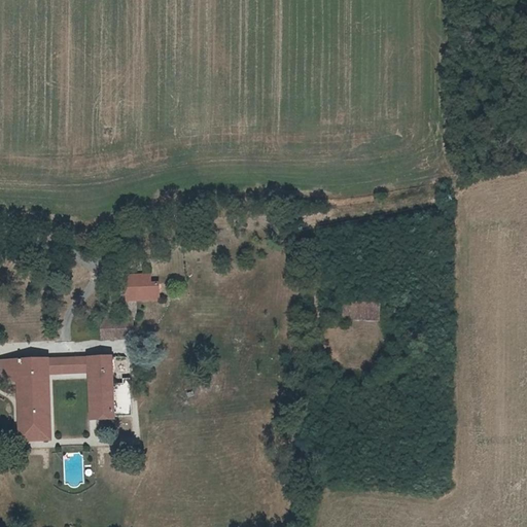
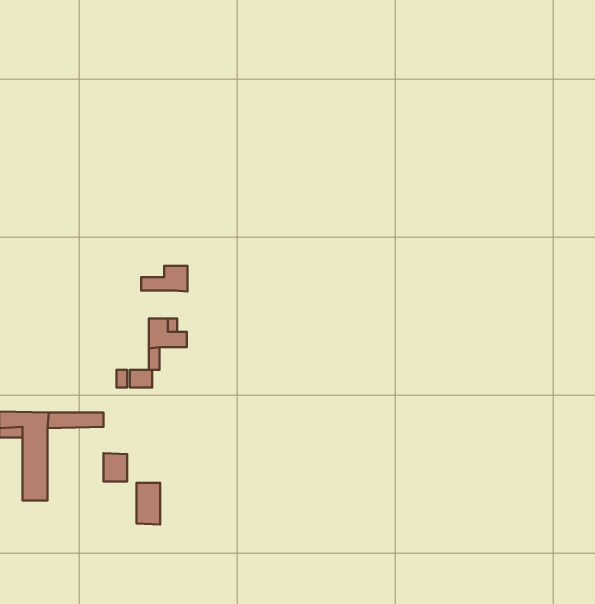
building: none -> [141,266,187,292]
building: [90,357,110,393] -> [136,483,160,525]

